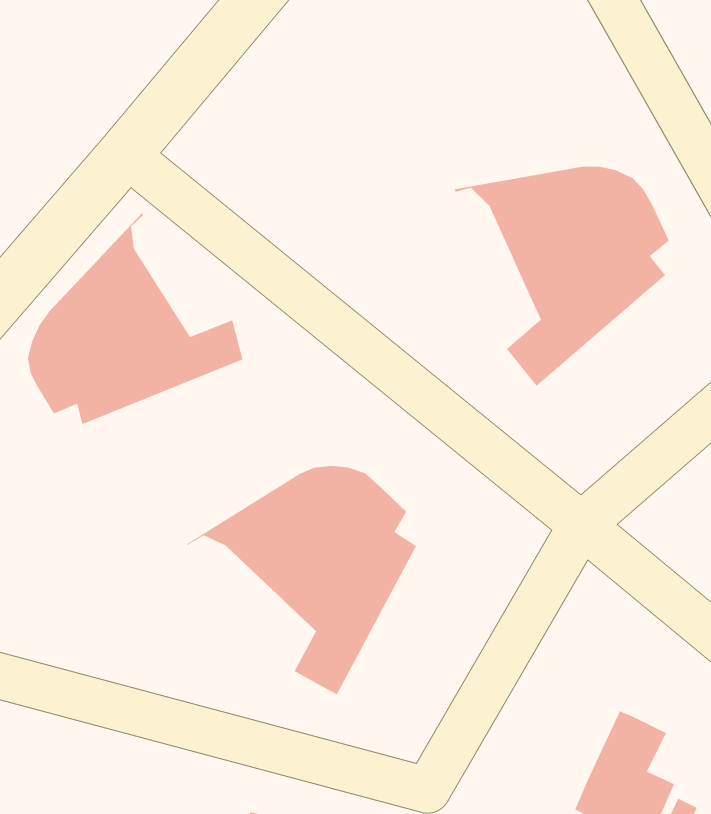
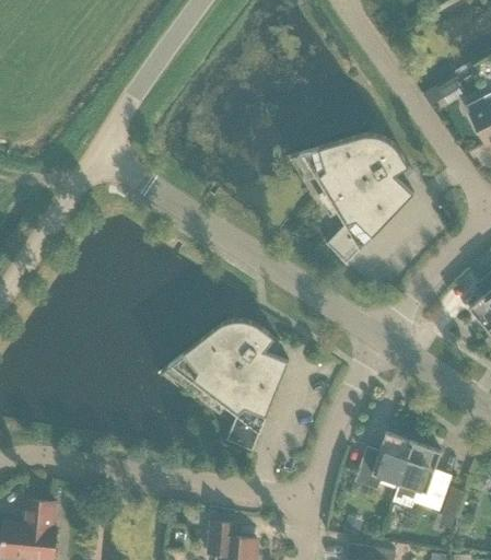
building: [27,212,244,425] -> none
building: none -> [354,433,412,491]

